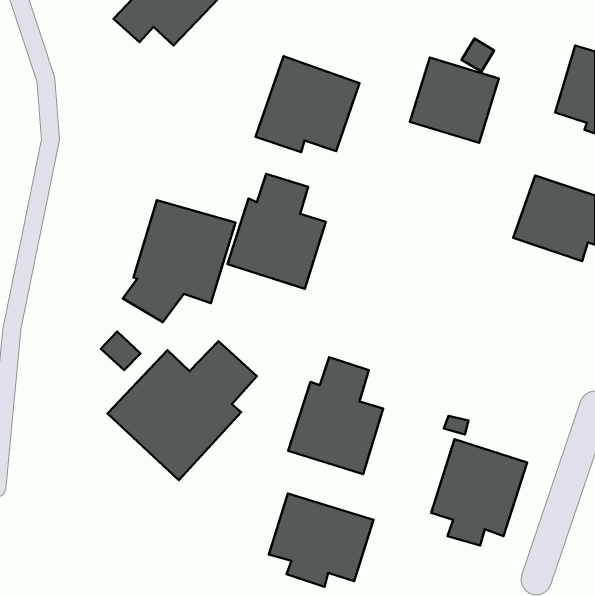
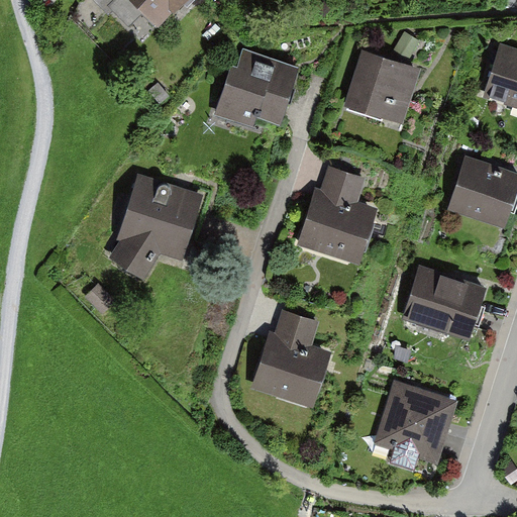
building: [228,174,326,289] -> [301,166,386,265]
building: none -> [397,263,488,339]
building: [107,341,257,480] -> none
building: [269,493,373,587] -> none

